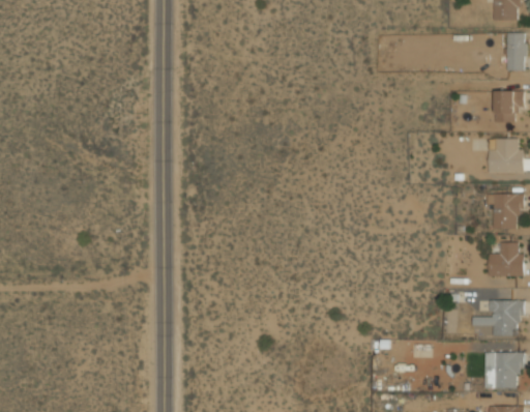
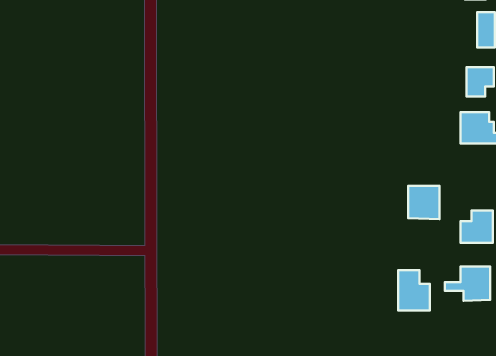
building: [490,194,523,229] -> [408,186,439,219]
building: none -> [398,270,430,311]
building: [484,354,521,387] -> none

